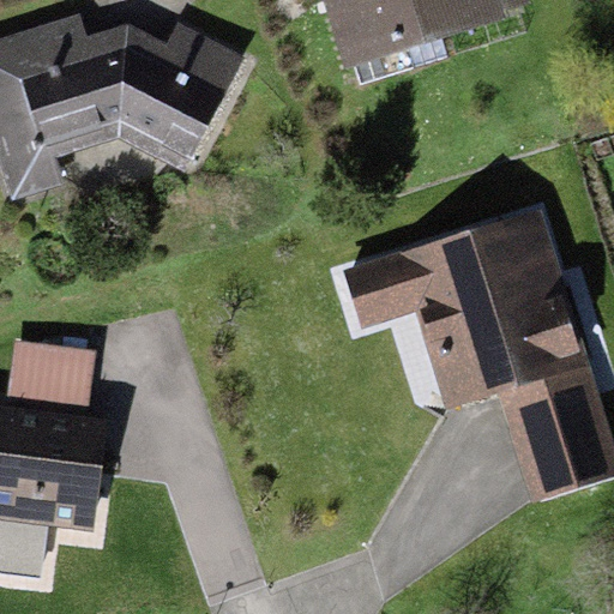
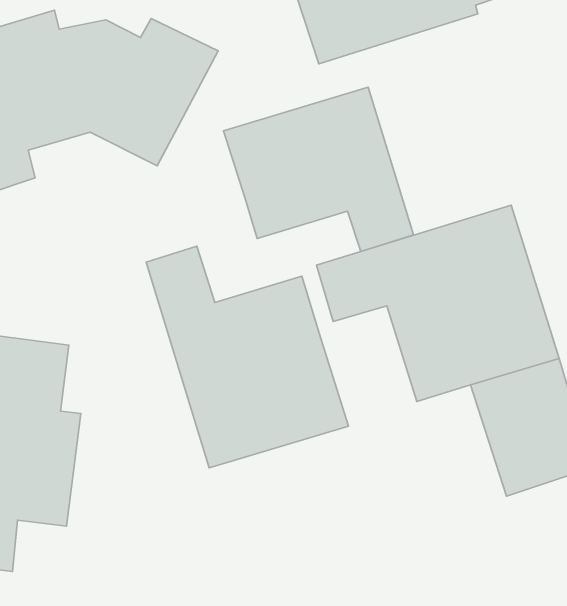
building: none -> [224,87,413,251]
building: none -> [146,246,348,468]

